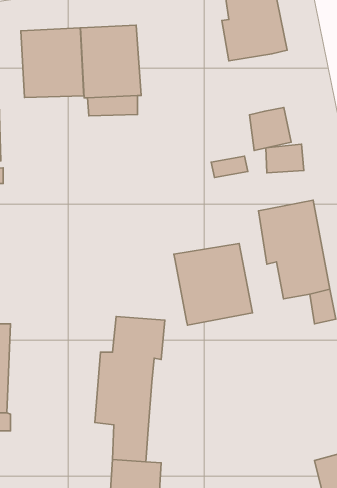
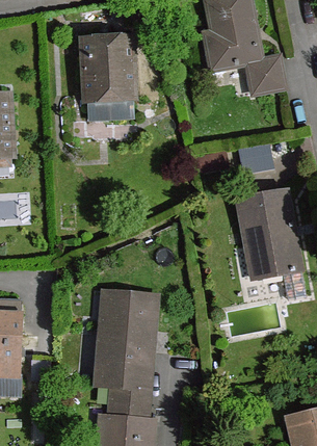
building: [21,28,84,97] -> none
building: [249,108,291,150] -> [248,55,285,93]
building: [174,244,253,325] -> none

